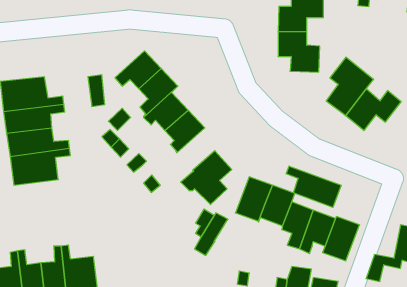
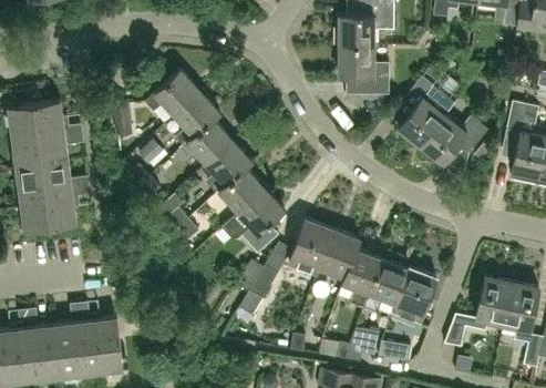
building: none -> [218,161,264,212]
building: [286,166,341,207] -> none

